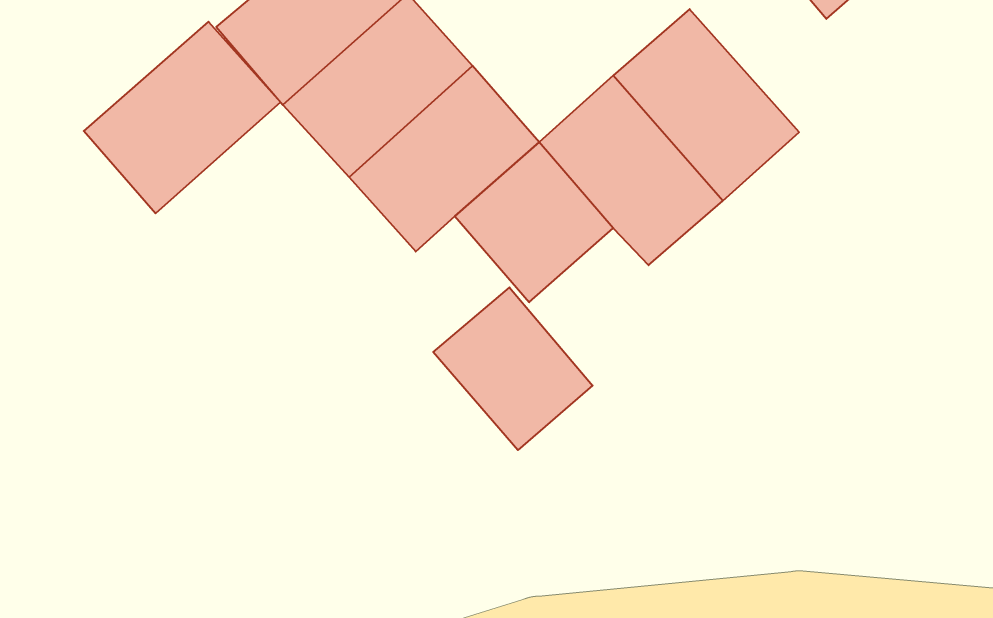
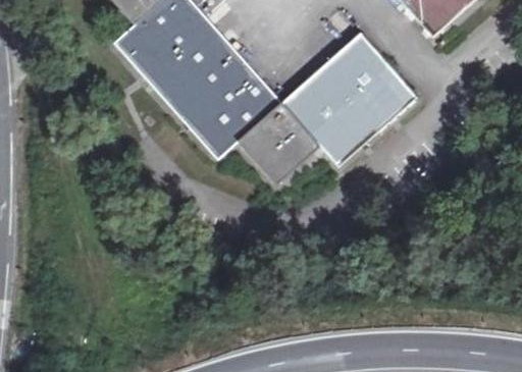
building: [84,22,280,213] -> none
building: [433,287,593,450] -> none

